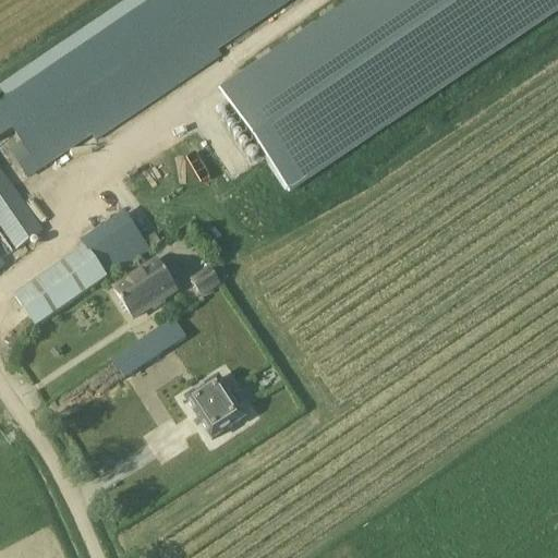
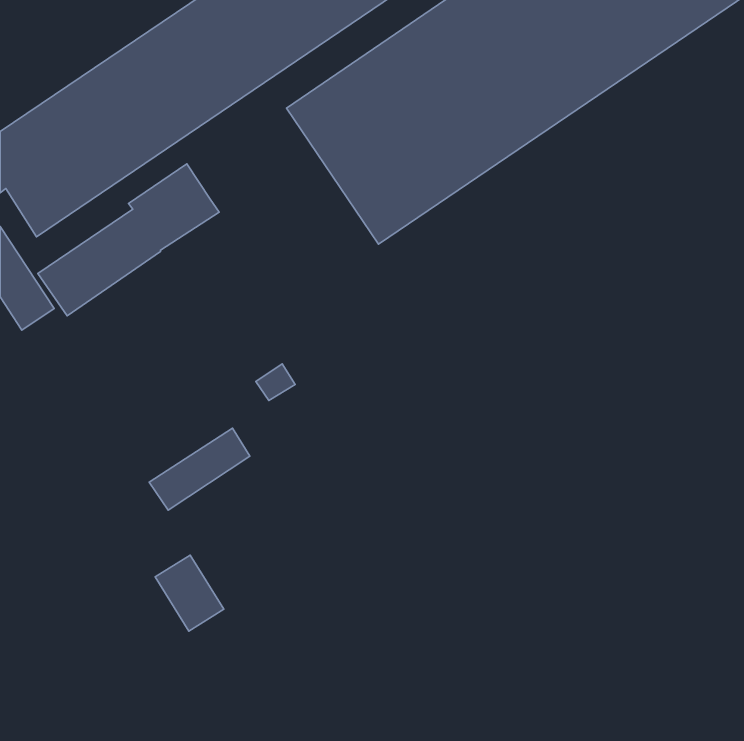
building: [16,211,151,325] -> [38,164,219,316]
building: [116,258,179,316] -> none
building: [191,374,242,430] -> [155,555,224,631]

